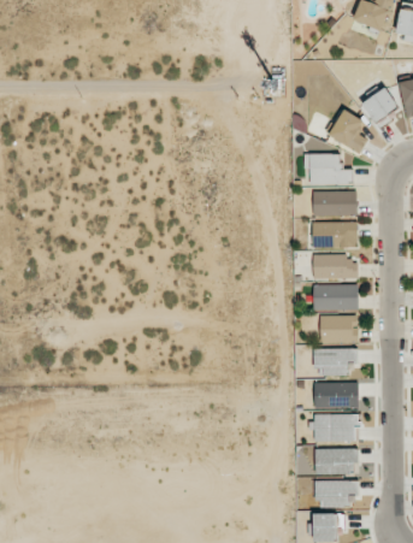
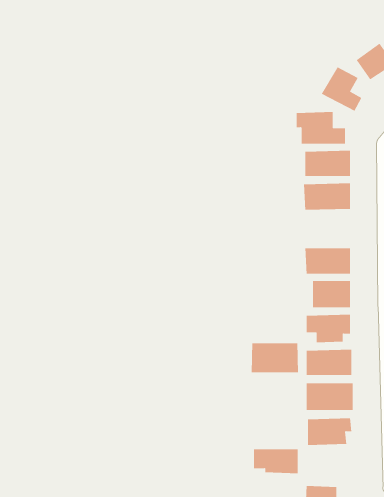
building: [313,254,358,278] -> none
building: none -> [251,343,298,373]
building: [315,480,359,504] -> [253,449,298,474]

